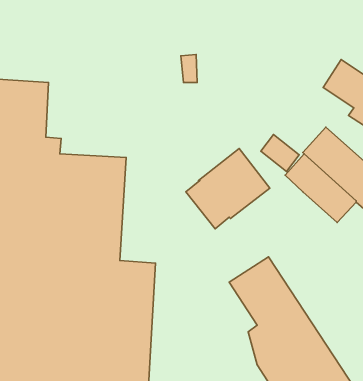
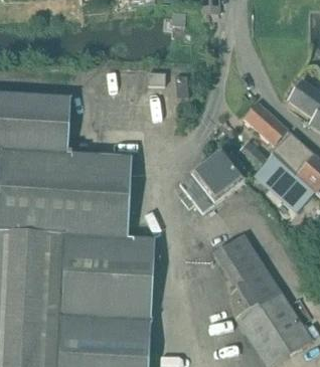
building: none -> [242,100,288,145]

